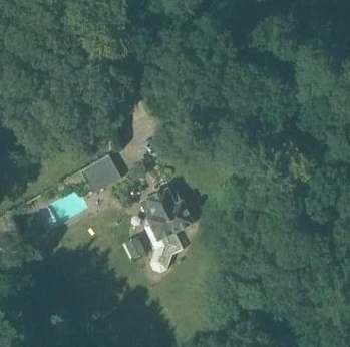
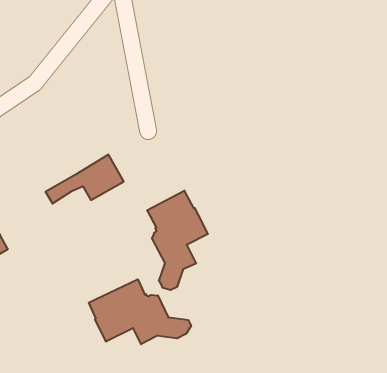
building: none -> [89,279,191,344]

